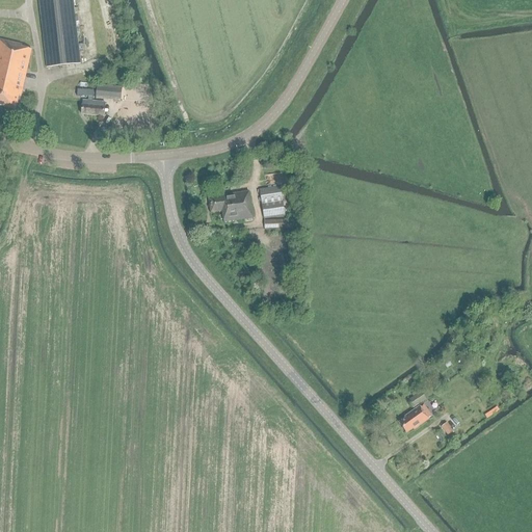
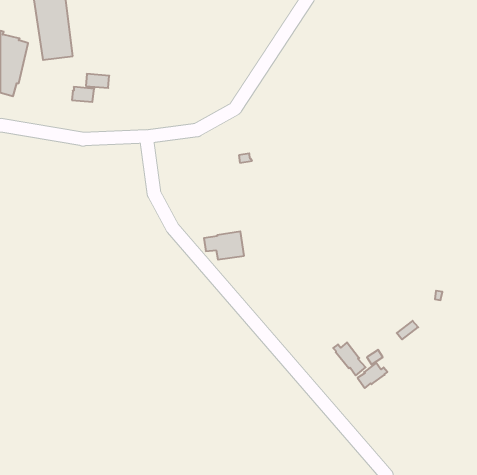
building: [260,185,285,217] -> none
building: [208,188,252,219] -> [204,231,244,260]
building: none -> [333,342,366,375]

